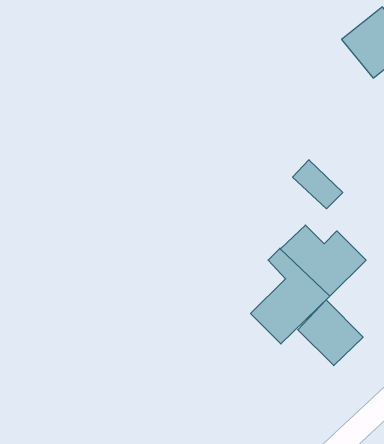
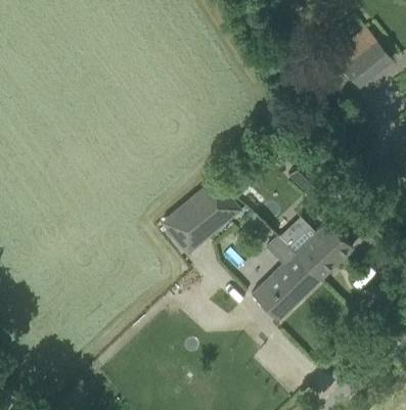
building: none -> [160,176,242,256]
building: [298,300,363,366] -> none

